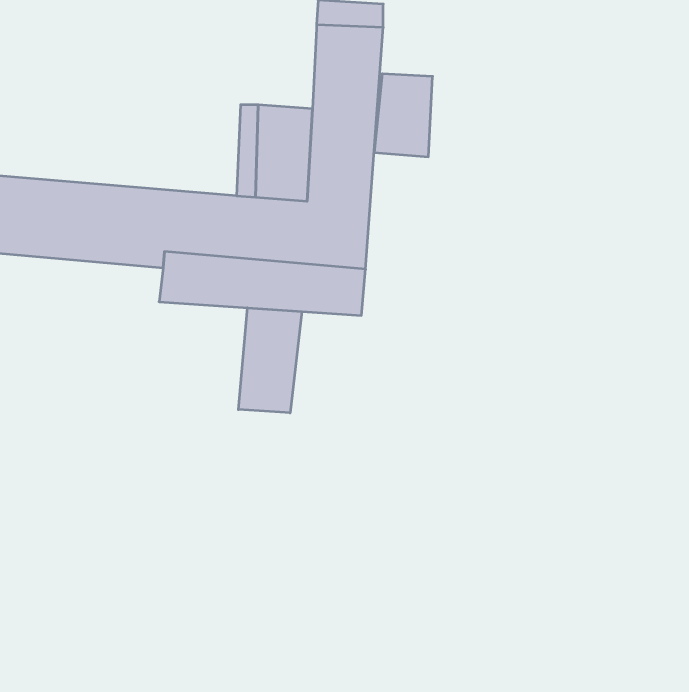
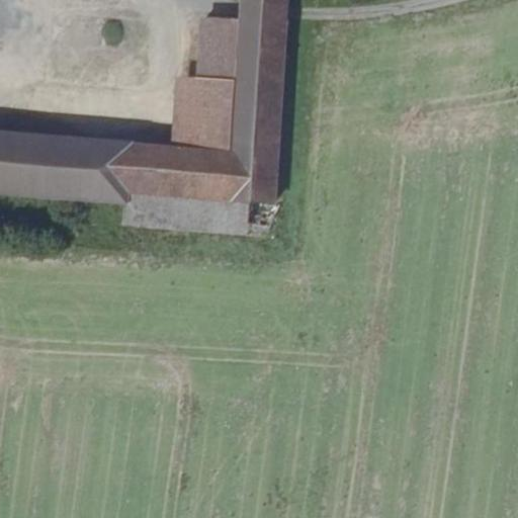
building: [374,74,433,157] -> [192,19,236,81]
building: [238,308,302,413] -> none

